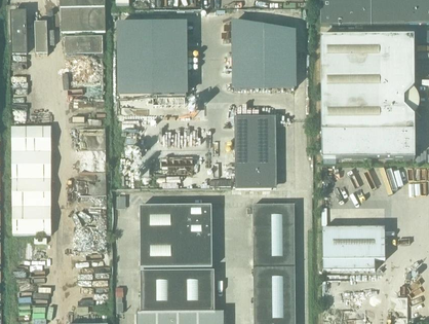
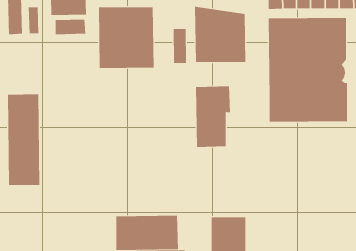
building: none -> [173,28,187,64]
building: [140,203,211,265] -> none
building: [252,203,295,269] -> none
building: [321,225,385,267] -> none

